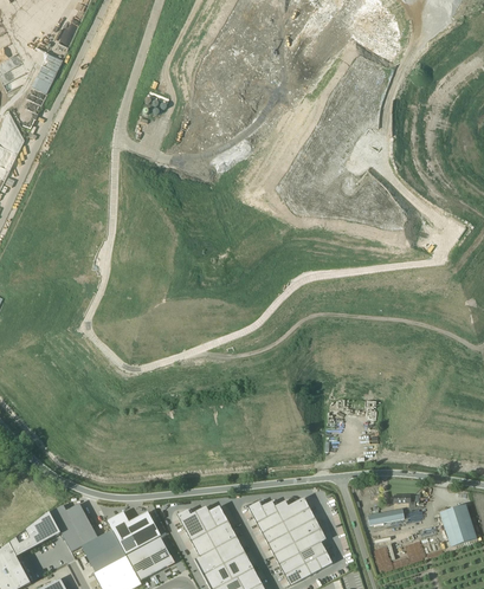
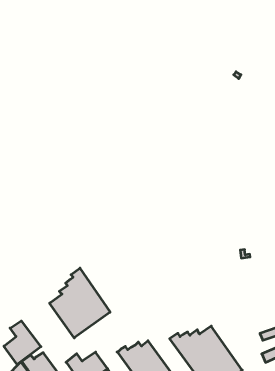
building: none -> [50,268,110,338]
building: none -> [4,321,41,364]

